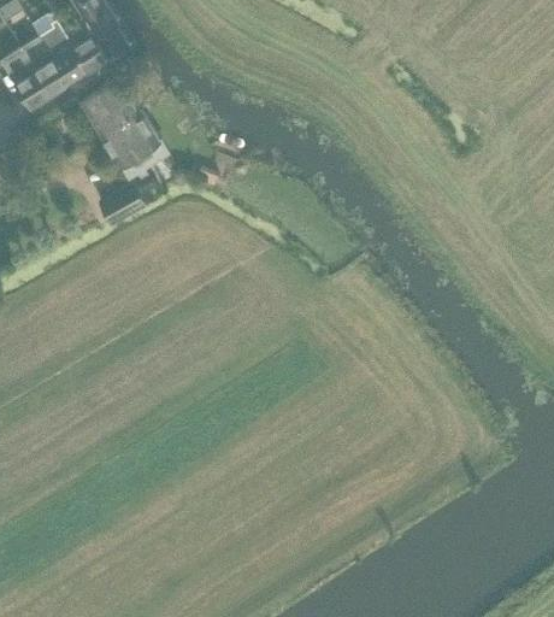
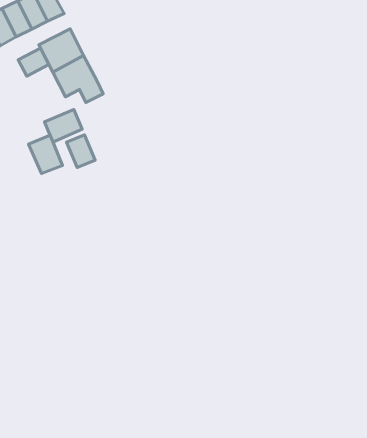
building: none -> [18,48,49,76]
building: none -> [67,135,95,168]
building: none -> [28,135,62,174]

